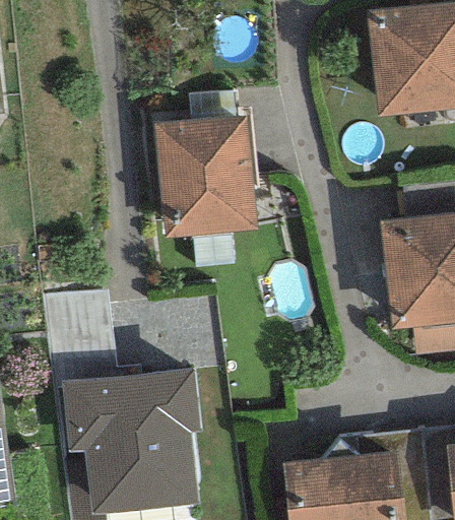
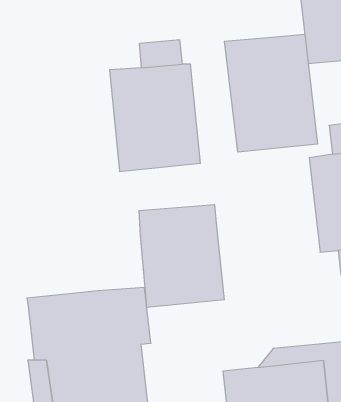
building: none -> [224,34,317,152]
building: none -> [139,204,224,308]
building: [42,290,141,388] -> none

